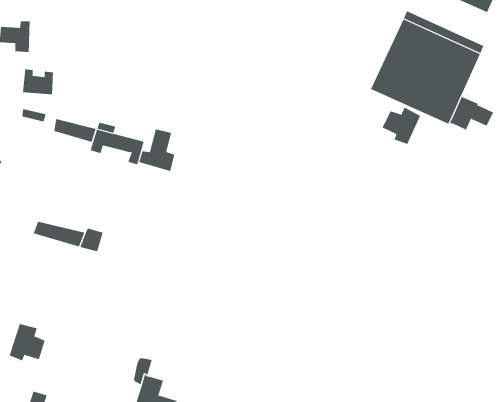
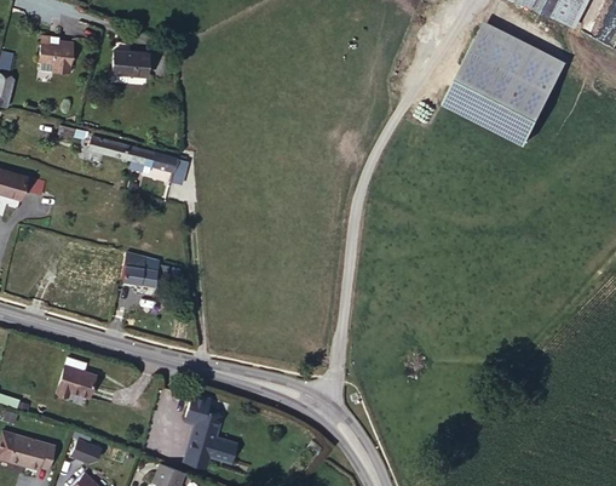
building: [22,69,54,95] -> [121,47,155,75]
building: [449,96,494,131] -> none
building: [382,107,421,145] -> none
building: [138,129,175,172] -> none

